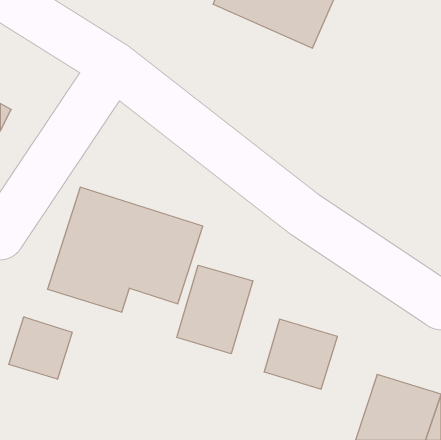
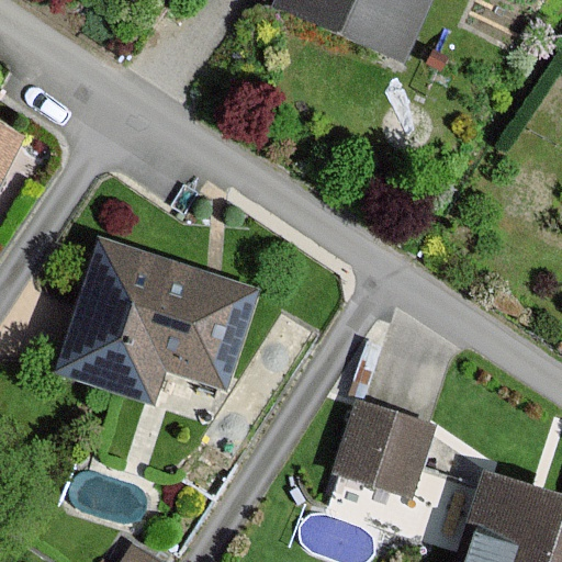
building: [177,265,253,354] -> none
building: [9,317,72,379] -> none

